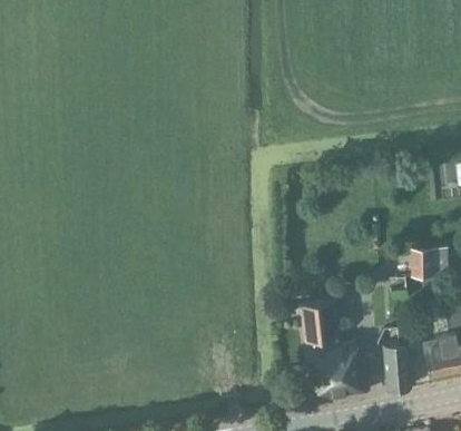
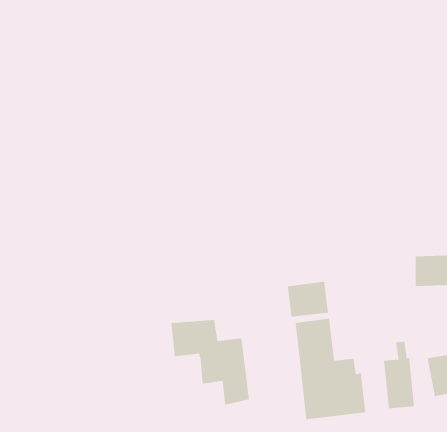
building: none -> [287,281,328,317]
building: none -> [171,319,249,405]

